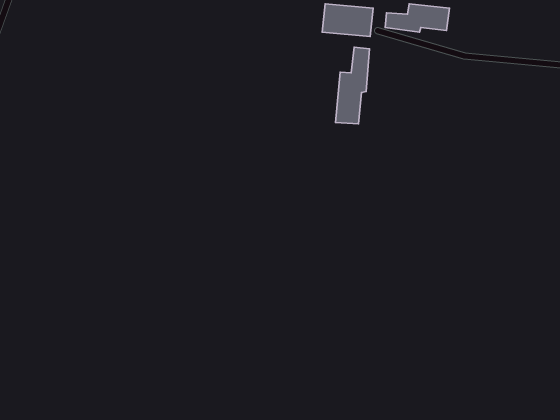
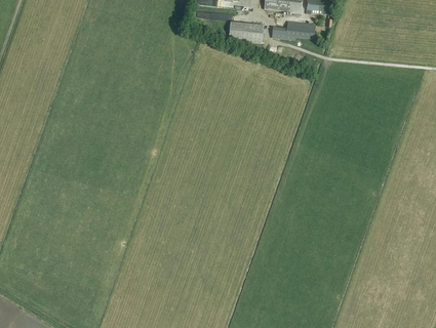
building: [336,47,370,124] -> none

